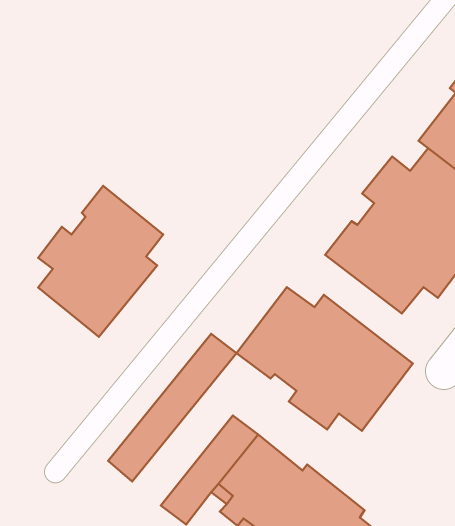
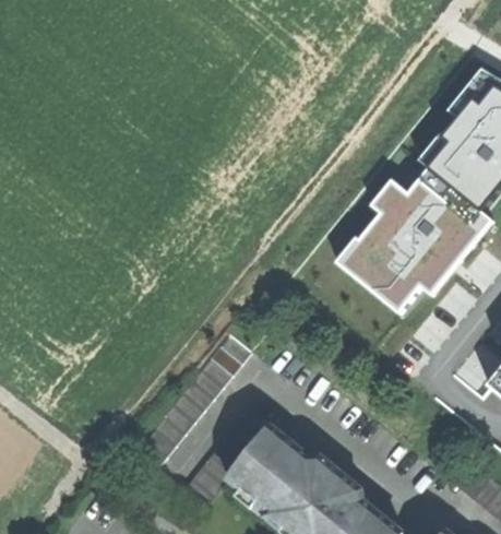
building: [38,186,163,337] -> none
building: [236,287,413,431] -> none

